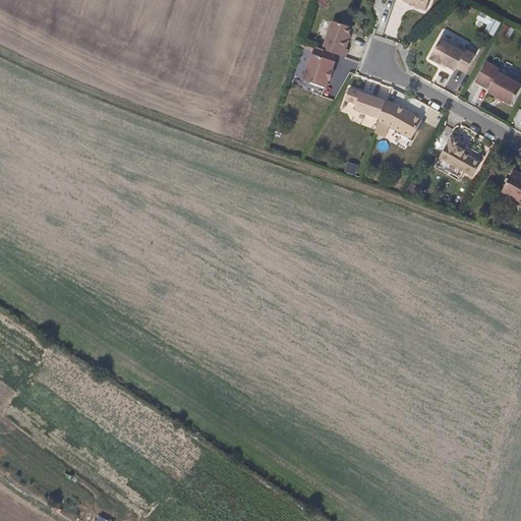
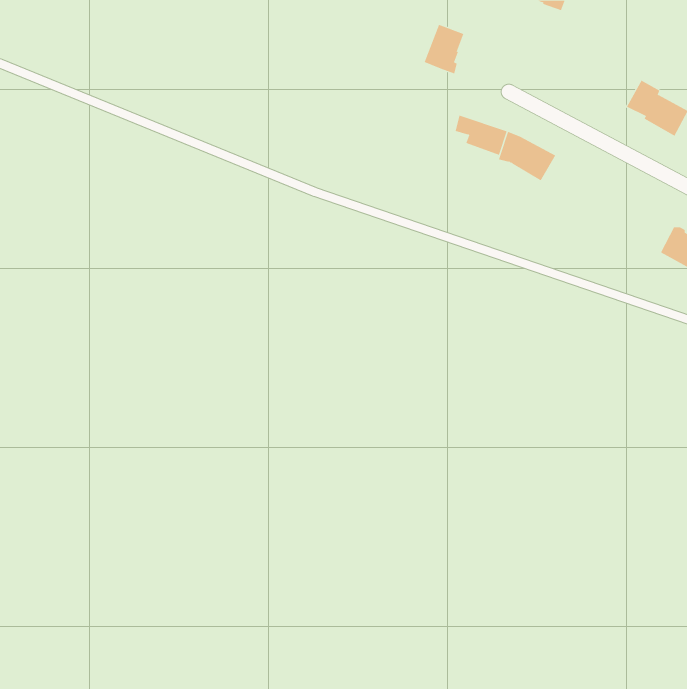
building: [429,38,474,72] -> none
building: [302,46,334,86] -> none
building: [439,136,480,175] -> none

